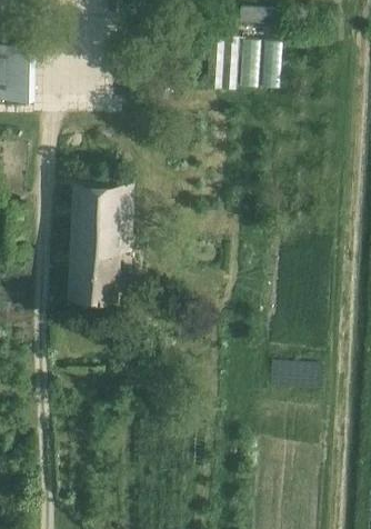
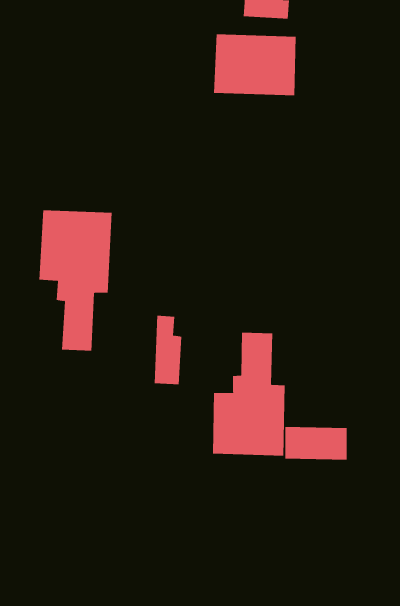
building: [68,242,91,300] -> [154,315,182,385]
building: none -> [213,332,285,456]

